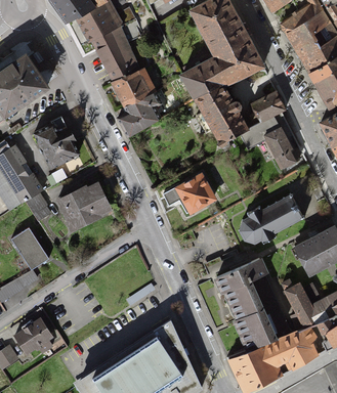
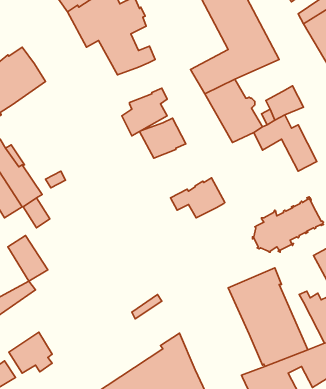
building: [112,70,155,106] -> [139,118,186,158]
building: [34,117,78,168] -> none
building: [54,182,113,234] -> none

